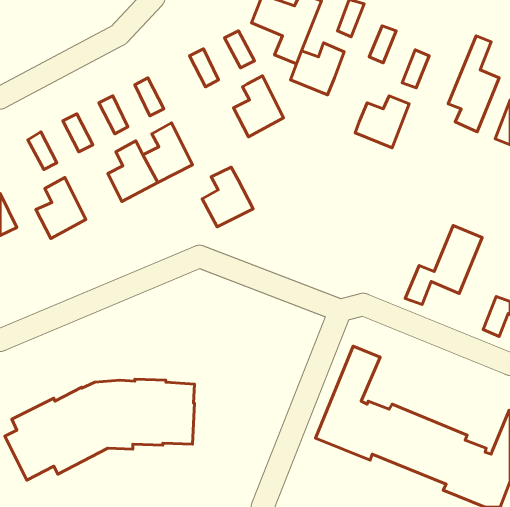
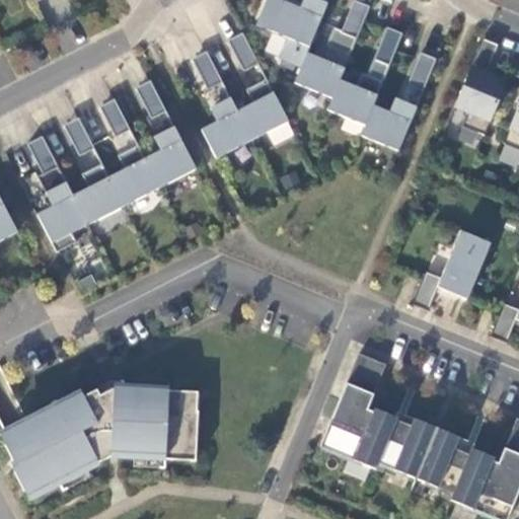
building: none -> [327,71,383,124]
building: none -> [73,162,124,223]
building: [202,167,253,227] -> [201,96,252,157]

